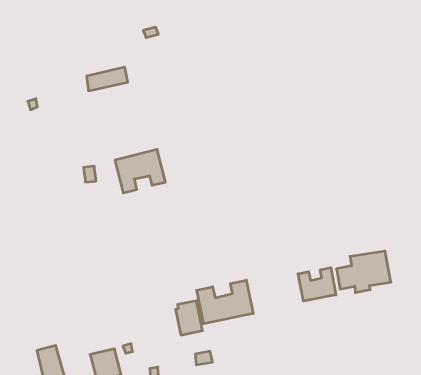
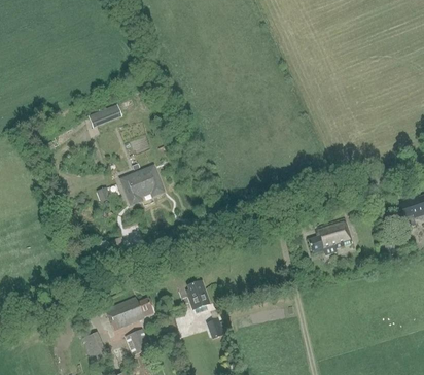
building: [298,268,336,301] -> none
building: [197,280,253,324] -> none
building: none -> [105,297,154,330]

